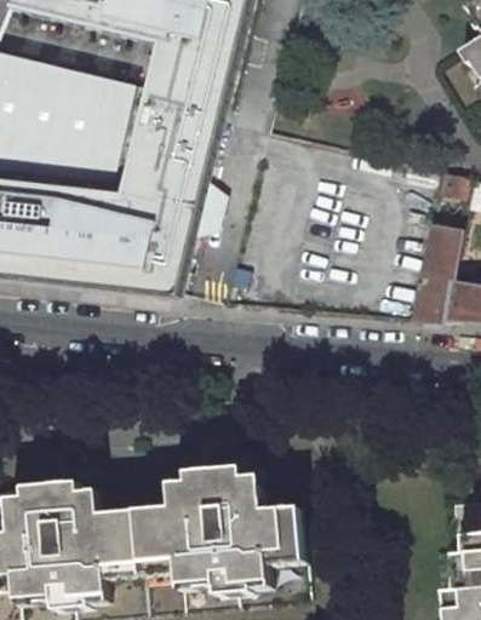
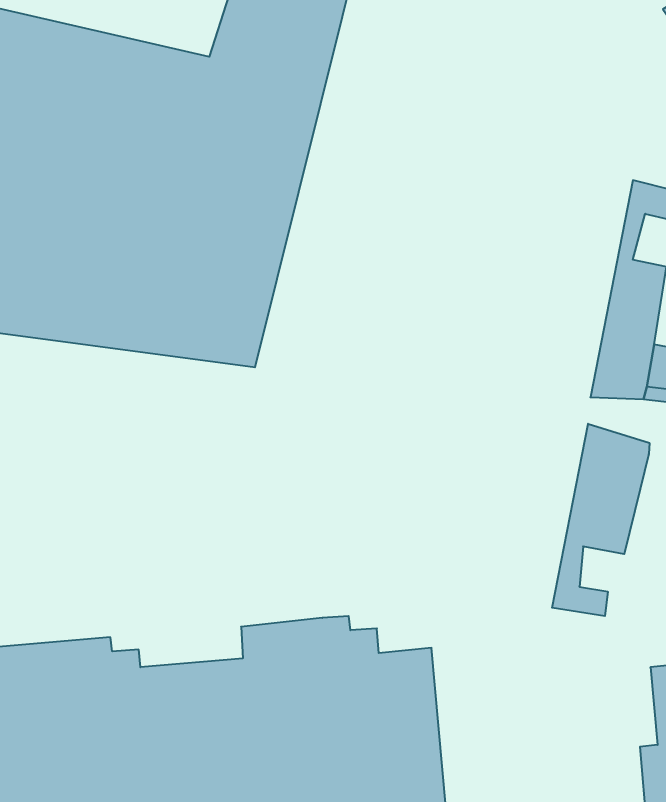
building: none -> [552,424,649,616]

